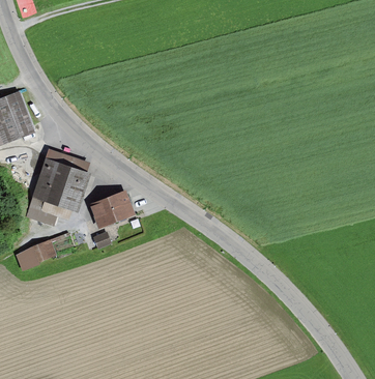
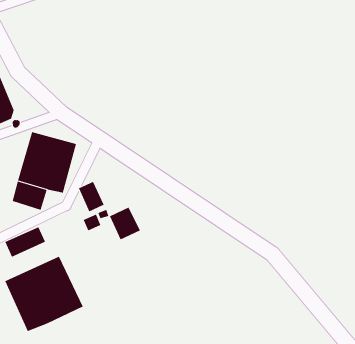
building: [106,192,136,224] -> [109,207,141,240]
building: none -> [5,256,83,332]

